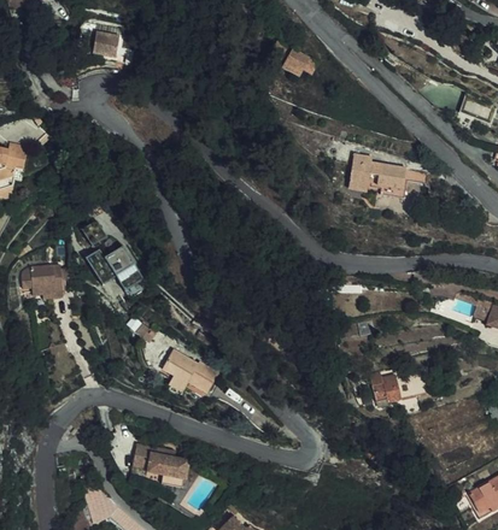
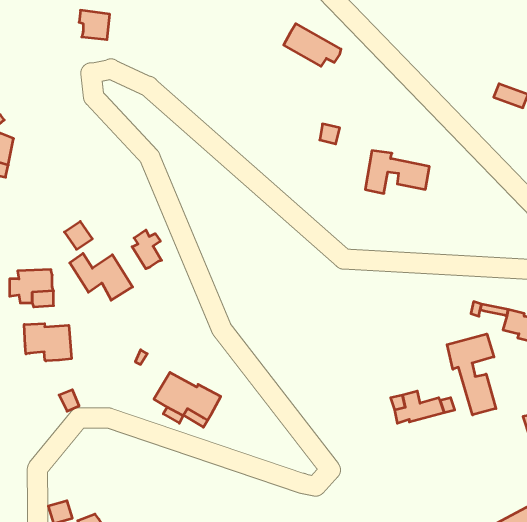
building: none -> [132,230,162,269]
building: none -> [24,324,71,361]
building: none -> [447,334,496,415]
building: [137,443,193,479] -> none

